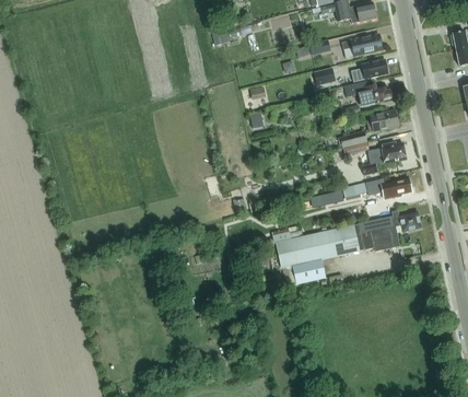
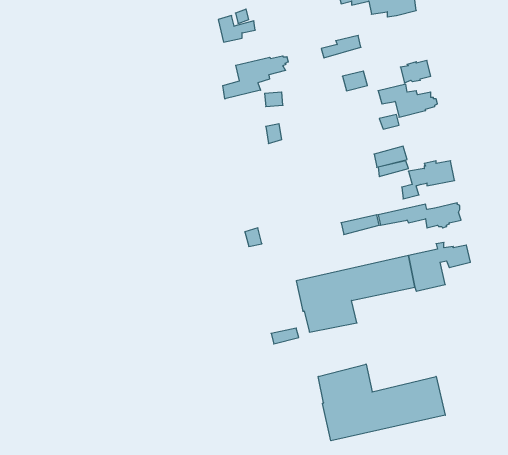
building: [341,34,382,56] -> none
building: none -> [223,56,288,99]
building: [366,109,399,131] -> none
building: none -> [318,364,445,441]

